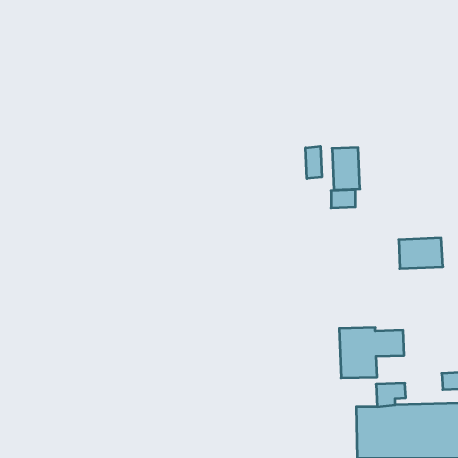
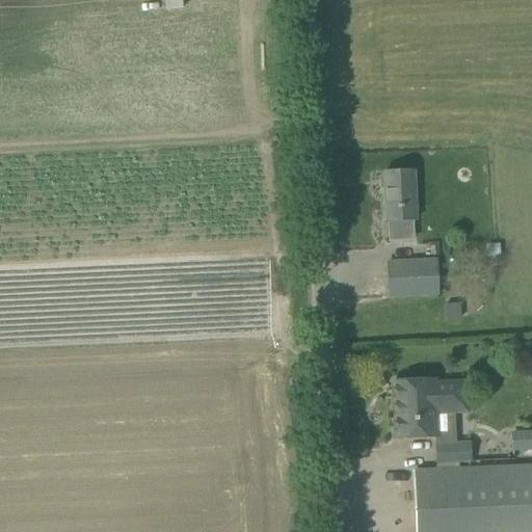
building: [306,146,322,179] -> none
building: [399,238,443,269] -> [390,260,441,295]

